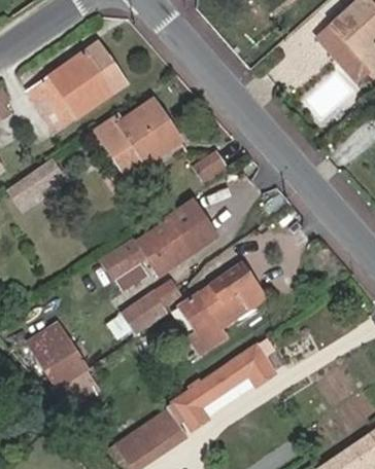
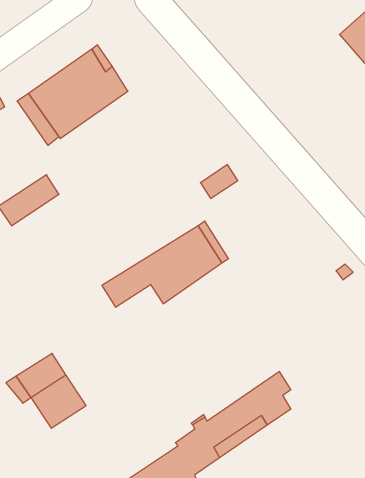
building: [93,99,181,178] -> none
building: [178,265,263,354] -> none
building: [107,281,179,336] -> none

